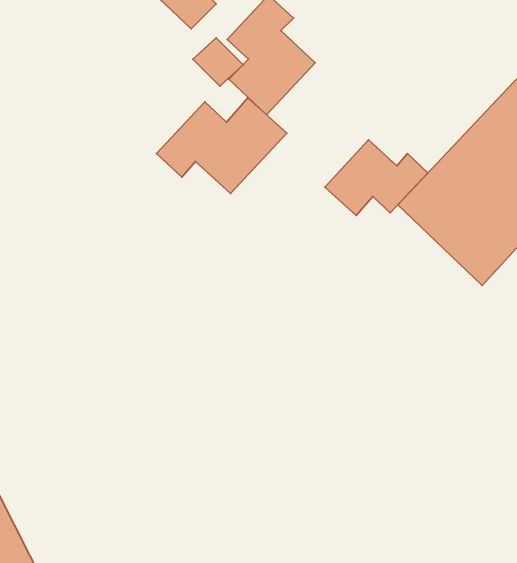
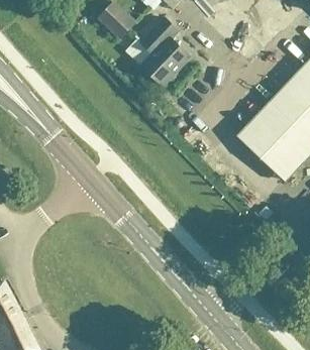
building: [156,98,287,194] -> none
building: [325,140,428,216] -> none

